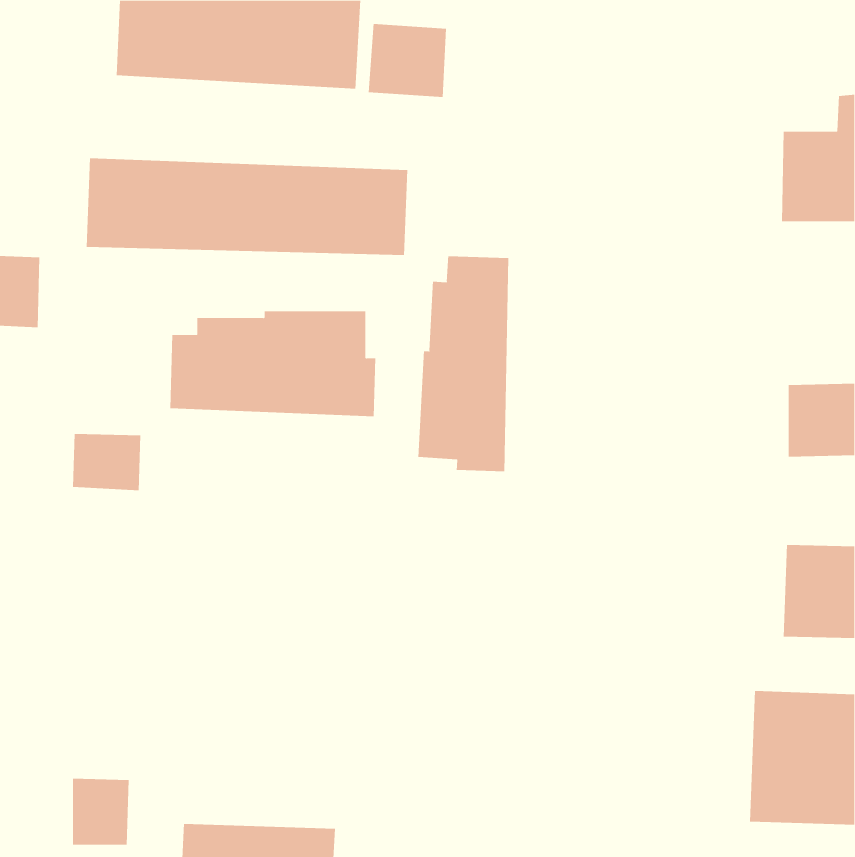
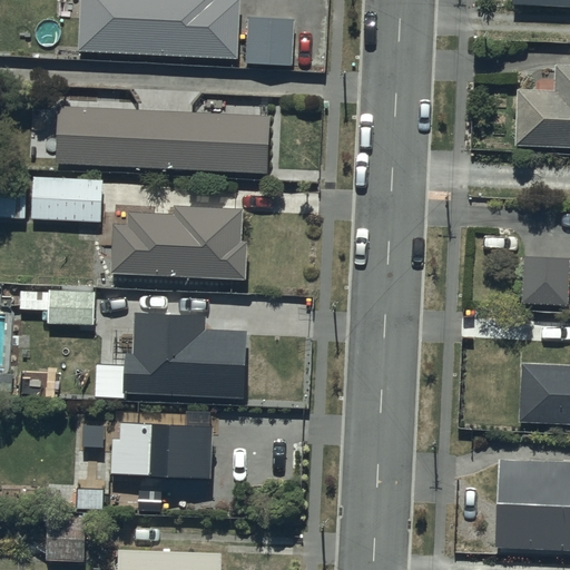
building: [418,255,509,472] -> none
building: none -> [30,176,104,226]
building: none -> [97,313,248,397]
building: none -> [109,424,209,479]

